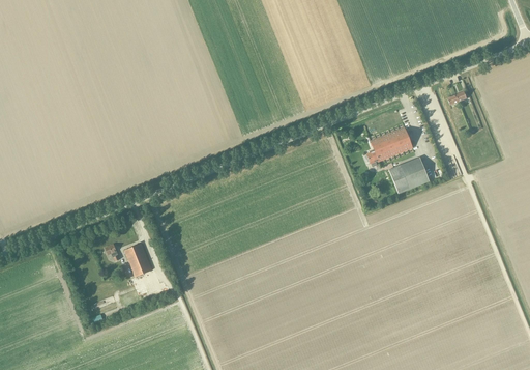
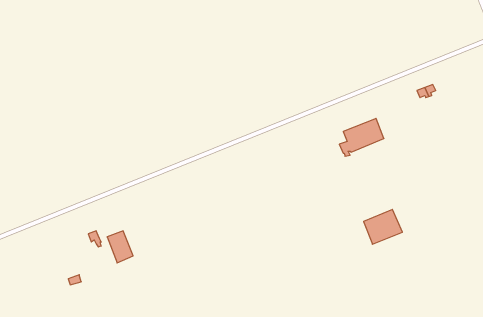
building: [388,158,429,194] -> [364,209,402,244]

